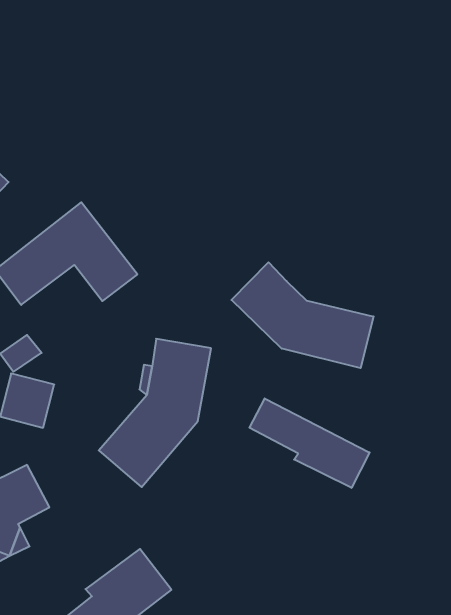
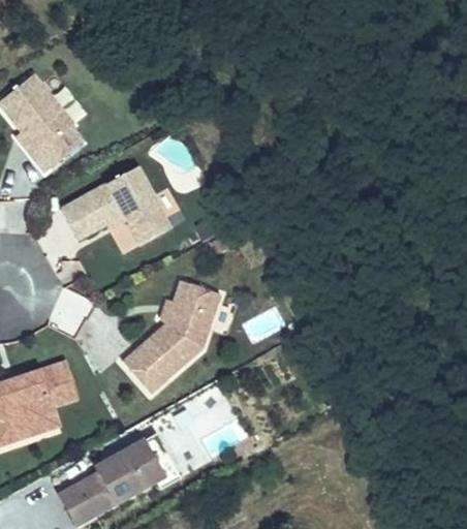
building: [231,262,374,368] -> none
building: [249,398,370,488] -> none

